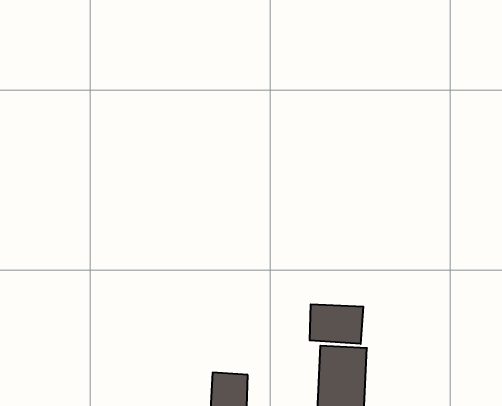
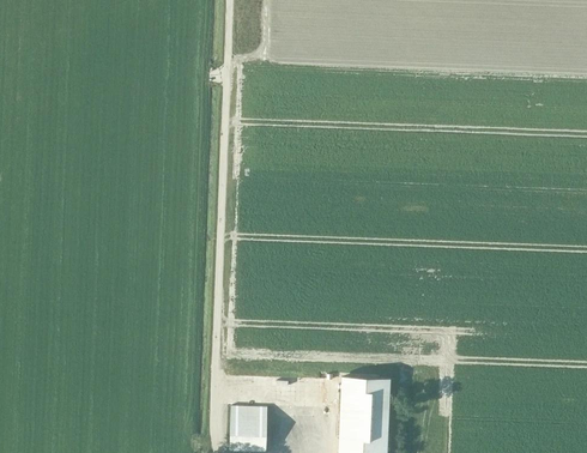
building: [310,304,363,344] -> none

